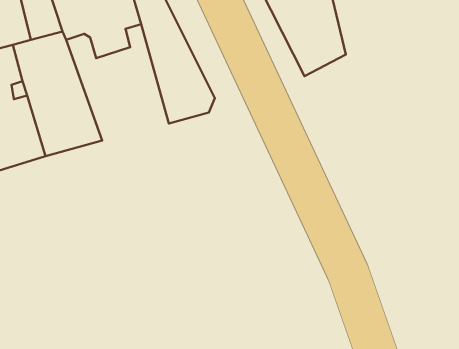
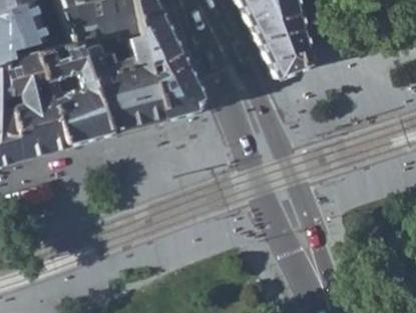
building: none -> [78,33,163,129]

